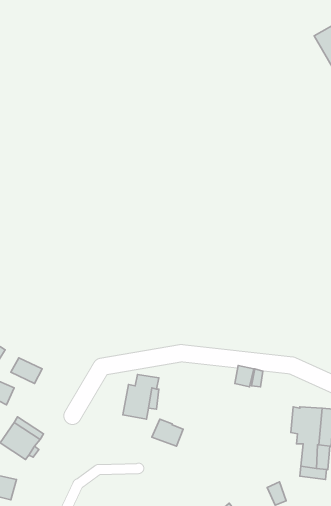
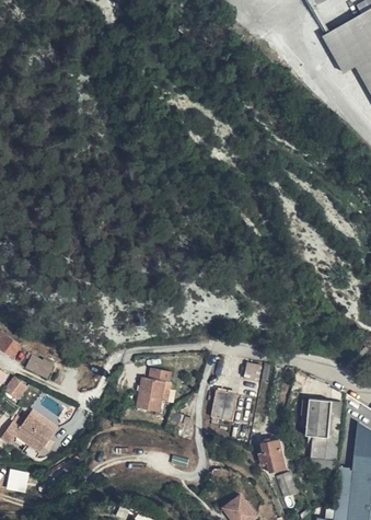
building: none -> [210,390,235,420]
building: none -> [258,440,285,472]

